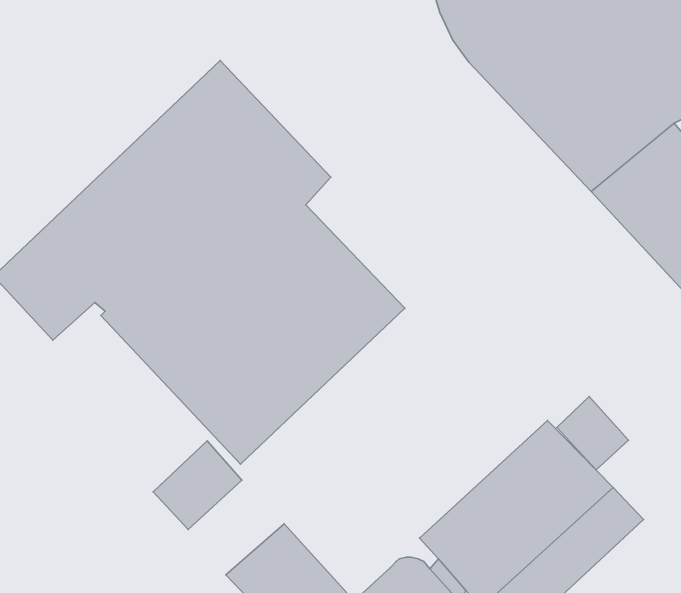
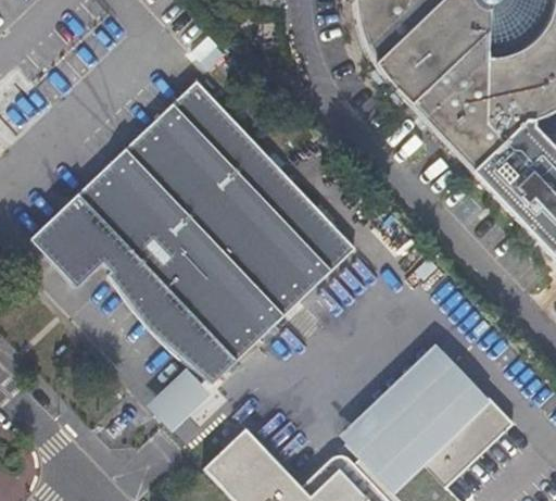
building: none -> [262,167,354,265]
building: [557,396,628,470] -> none

